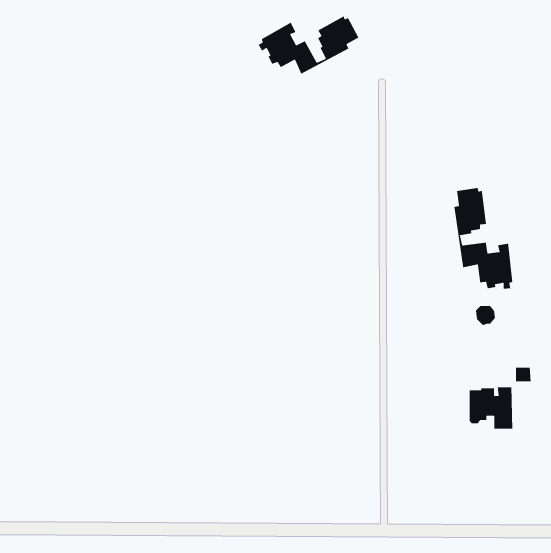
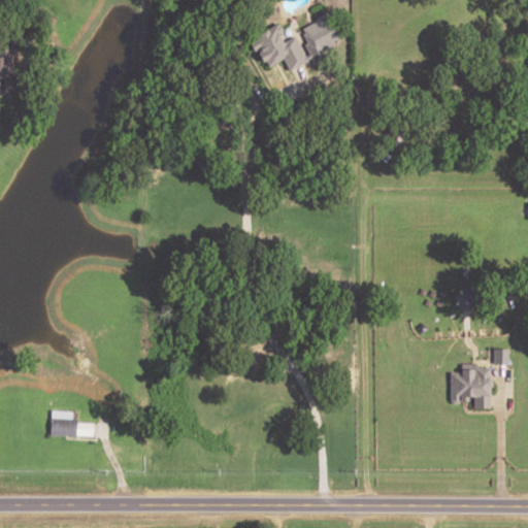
building: [454,187,513,290] -> none
building: none -> [51,410,93,436]

